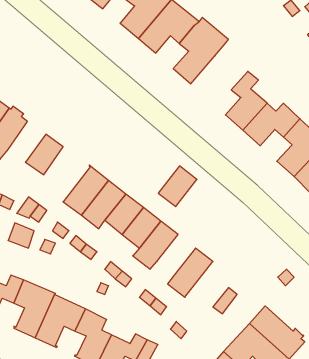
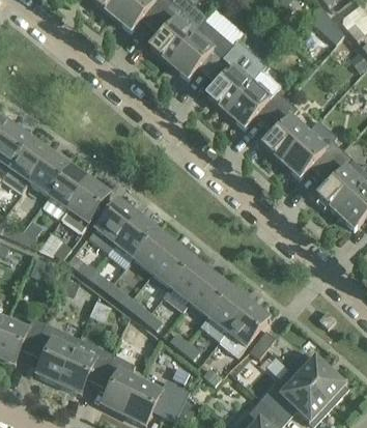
building: none -> [225,69,286,129]
building: none -> [29,152,69,196]
building: none -> [60,179,110,234]
building: [158,166,197,207] -> [189,274,230,317]
building: none -> [219,303,270,356]

